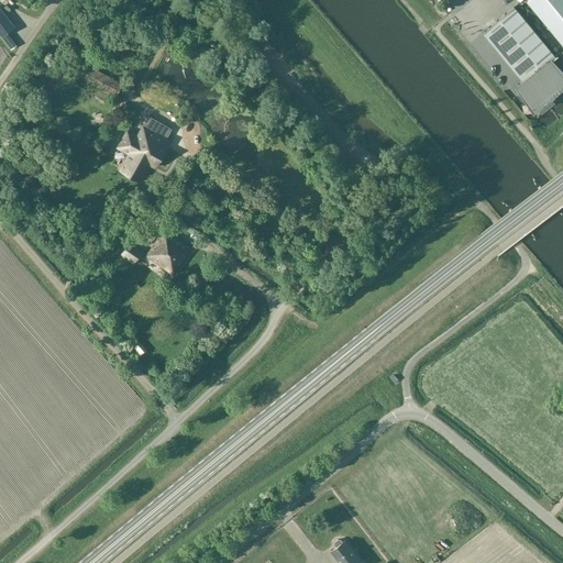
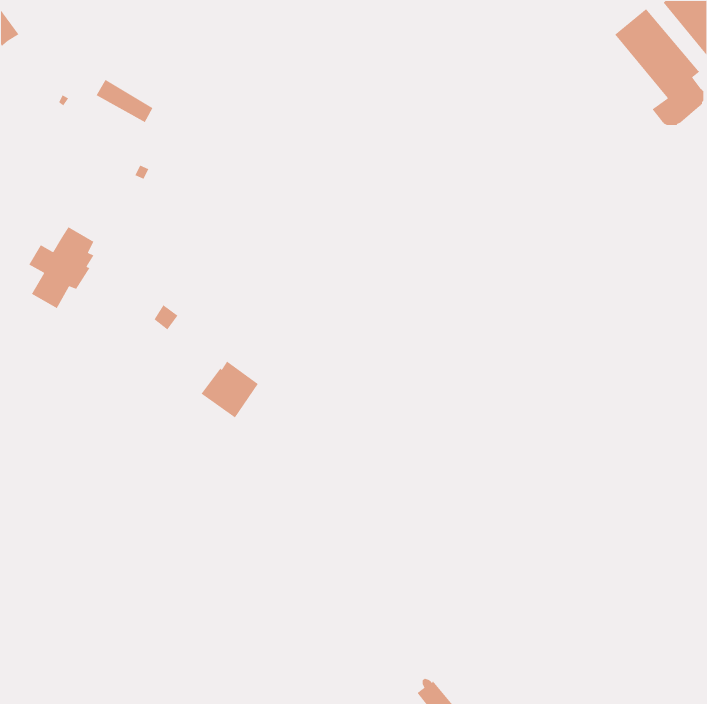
building: [117,119,169,185] -> [28,226,94,309]
building: [145,232,191,278] -> [201,360,259,419]

